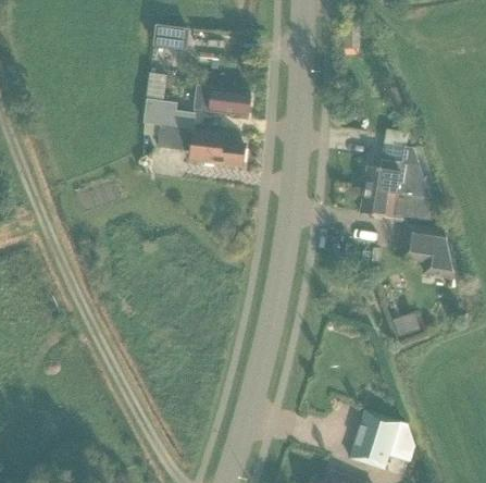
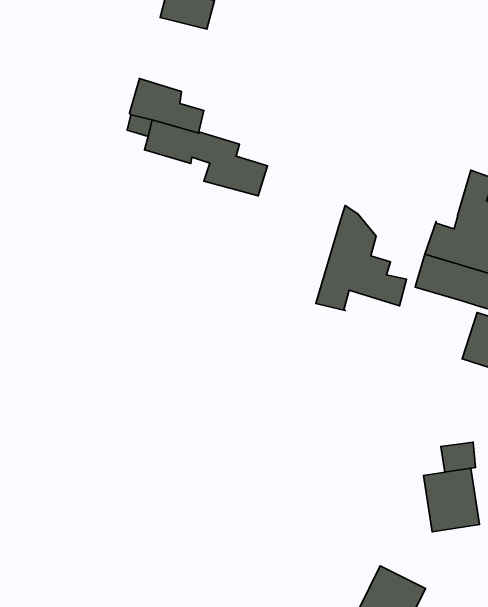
building: [195,84,252,115] -> none
building: none -> [316,206,406,311]
building: none -> [424,468,480,532]

